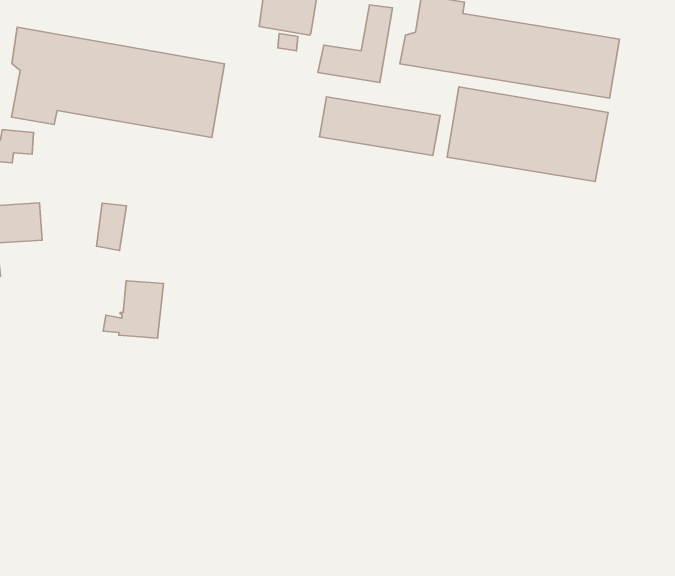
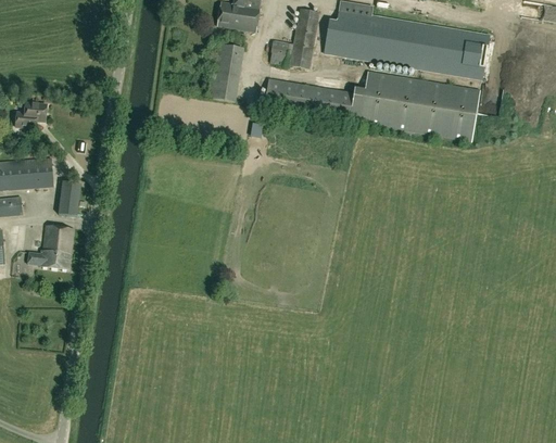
building: [12,27,225,138] -> none
building: none -> [208,43,243,101]
building: [96,203,127,250] -> [59,180,81,216]
building: [103,281,163,338] -> [27,226,73,269]

